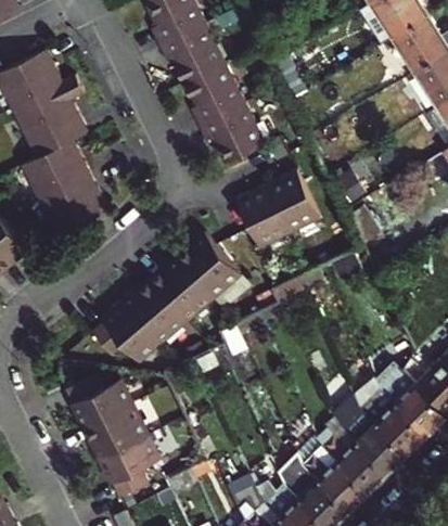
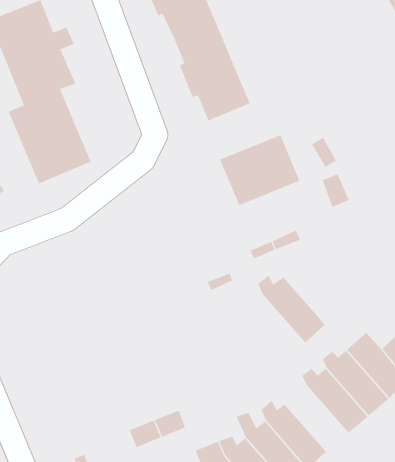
building: [89,232,236,361] -> none
building: [62,373,157,497] -> none
building: [317,425,388,492] -> [258,275,326,344]

